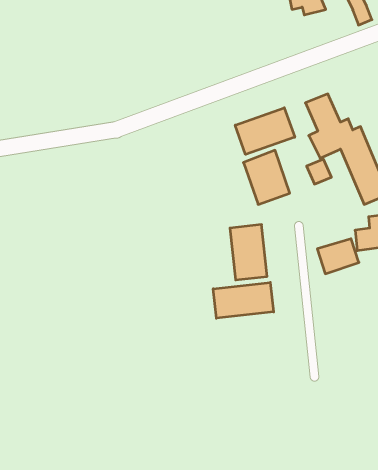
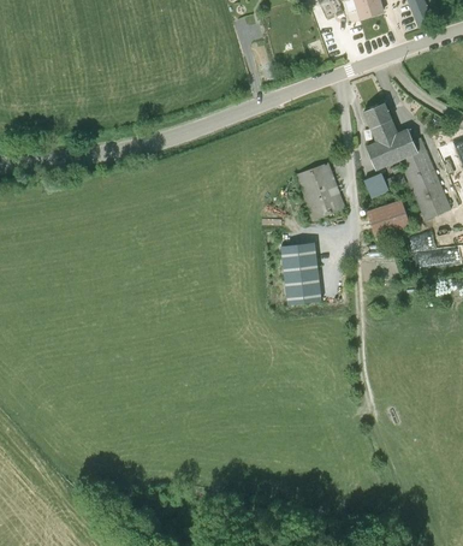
building: [235,108,295,154] -> none
building: [317,239,359,274] -> [366,200,410,237]
building: [213,282,274,318] -> none

